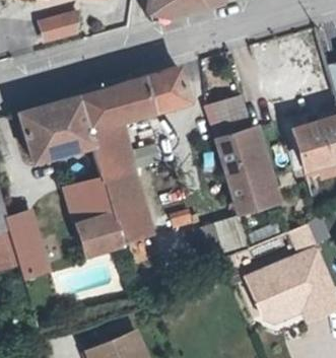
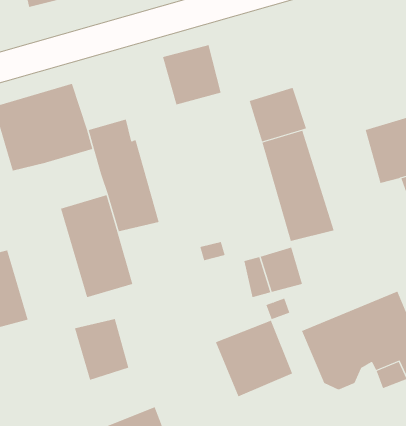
building: [78,75,154,129] -> none
building: [112,197,152,242] -> [74,318,129,380]
building: none -> [215,320,293,397]

